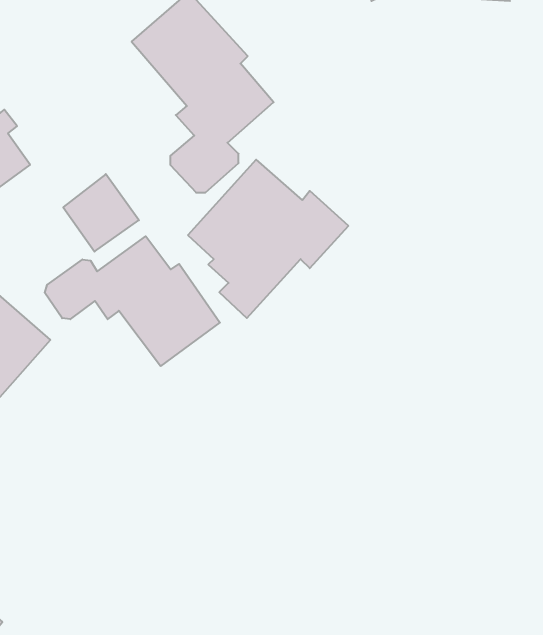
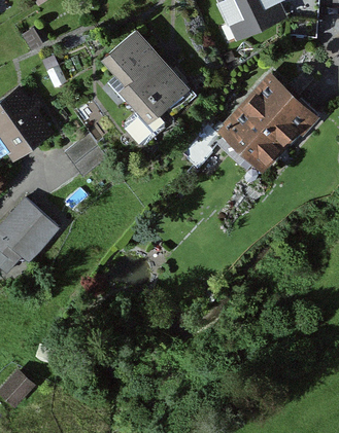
building: [188,160,348,318] -> [232,76,321,165]
building: [45,236,220,366] -> none

